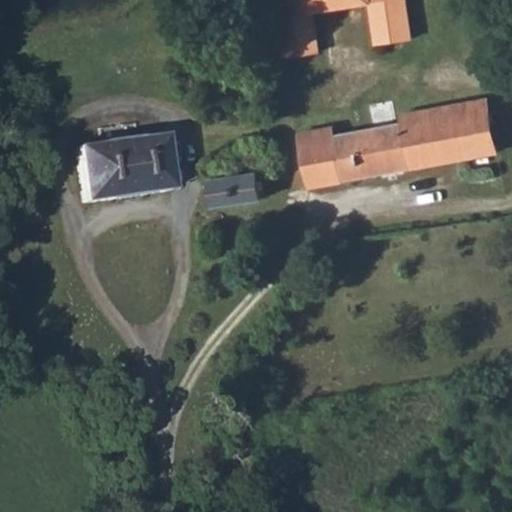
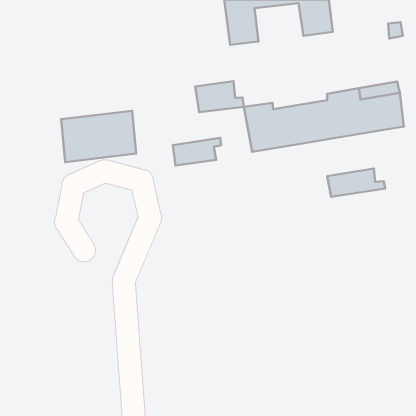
building: none -> [195,81,244,112]
building: none -> [327,168,385,197]

